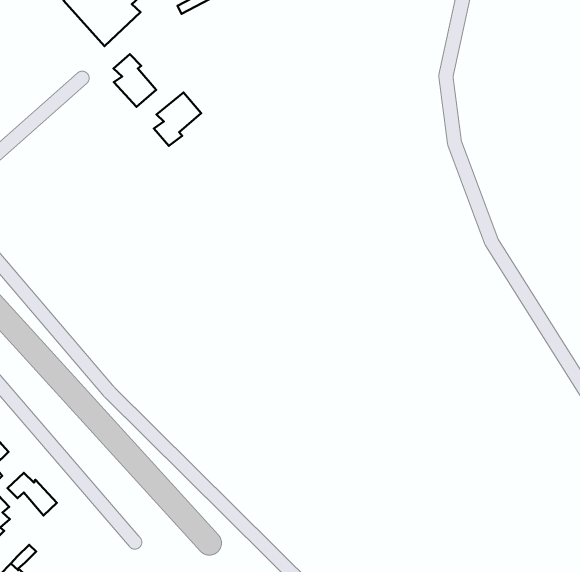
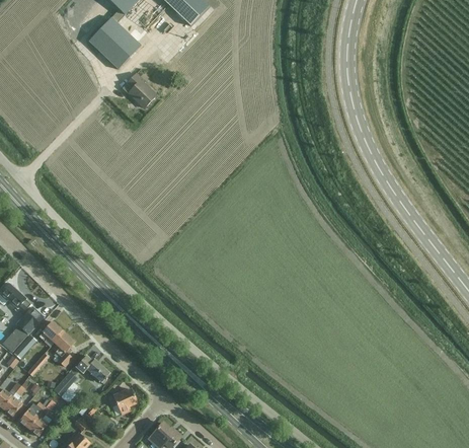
building: [154,93,201,146] -> none
building: none -> [106,388,137,414]

